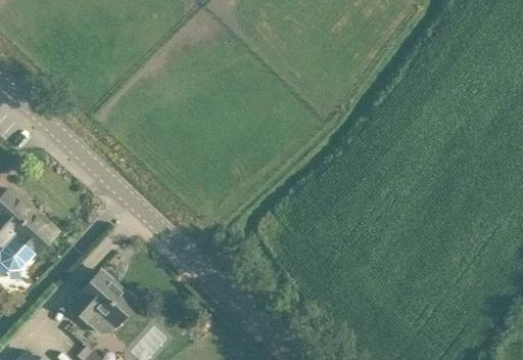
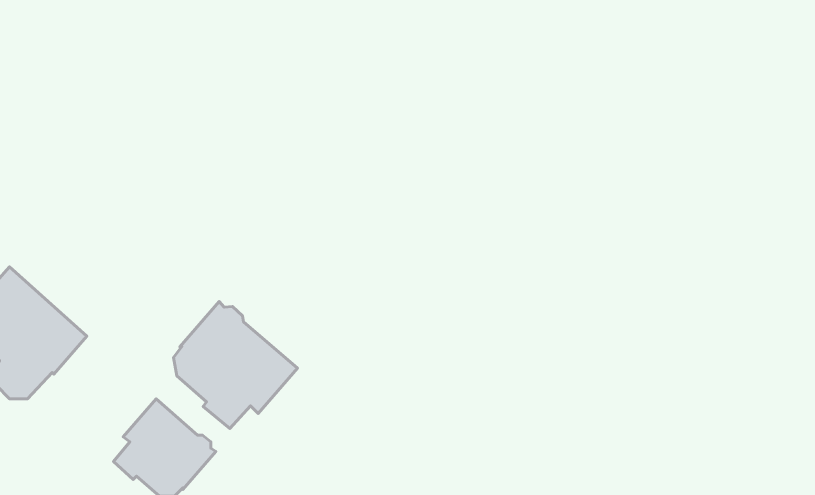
building: none -> [174,301,298,429]

